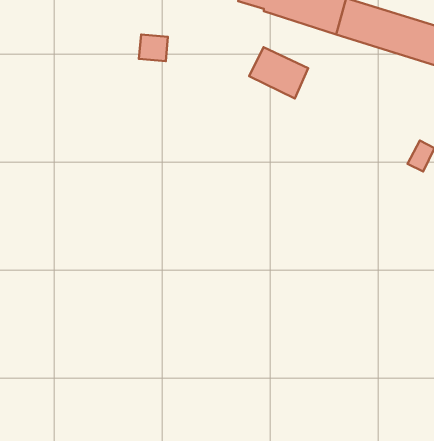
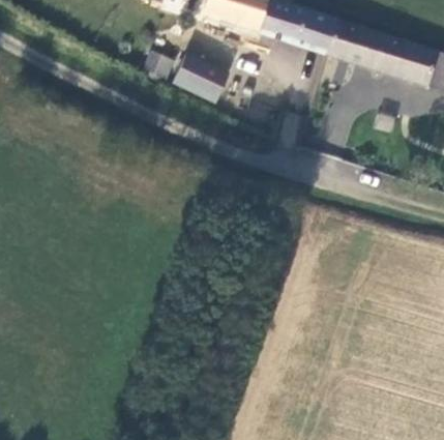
building: [249,47,308,98] -> [171,53,226,100]

